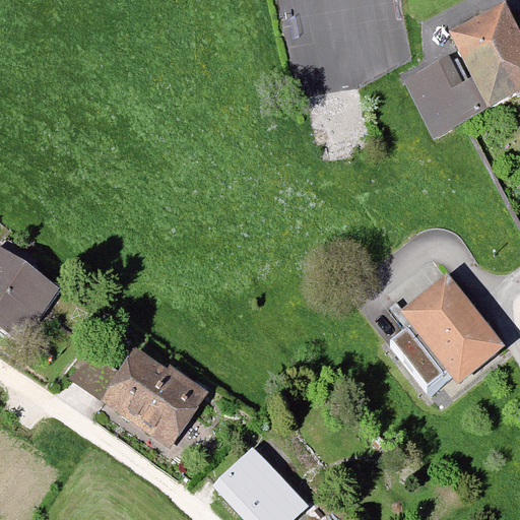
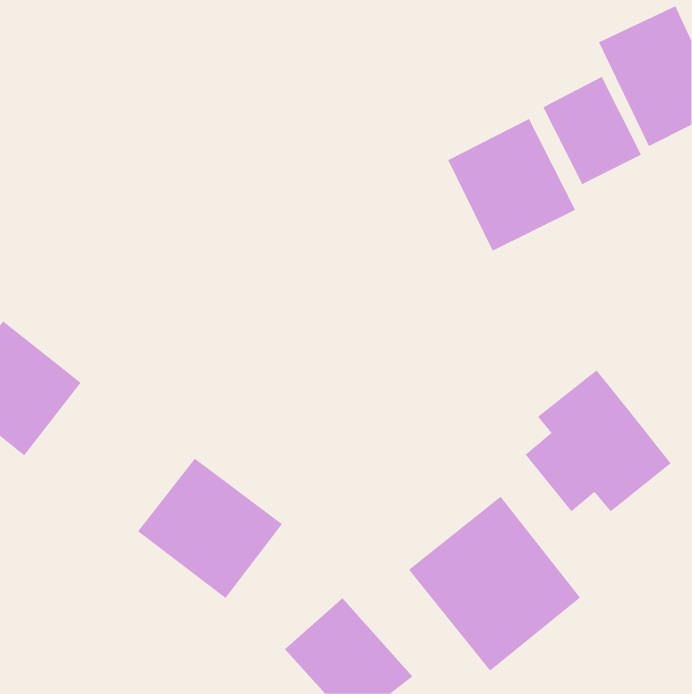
building: none -> [447,118,576,252]
building: none -> [408,496,581,672]

